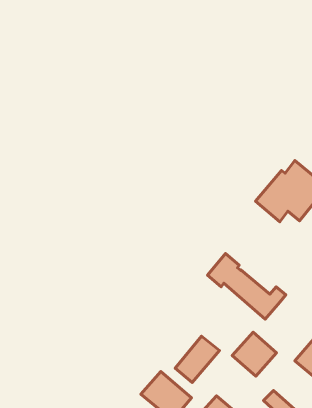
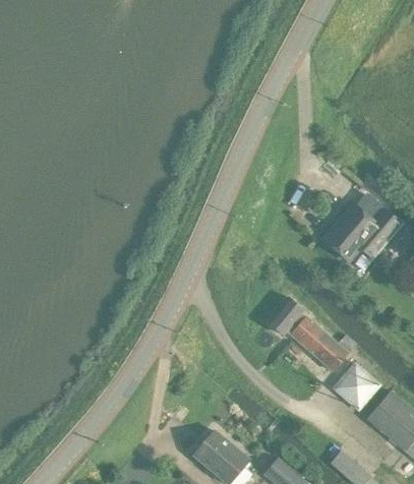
building: [232,332,276,376] -> [331,361,380,411]
building: [175,336,219,383] -> none

